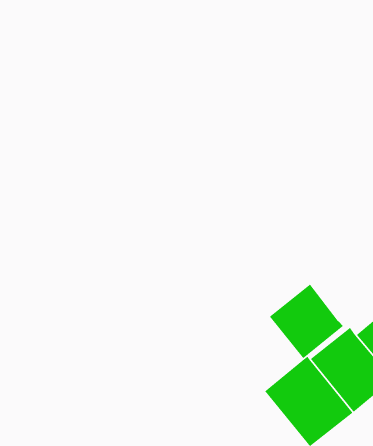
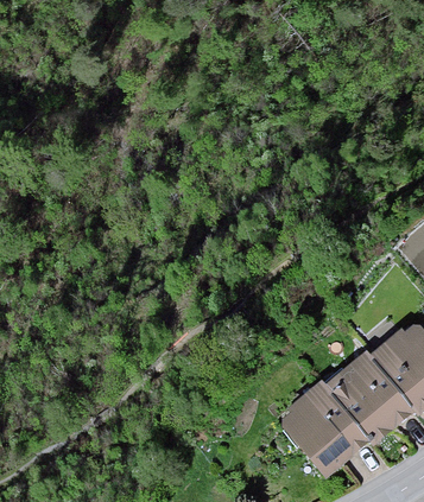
building: [269,284,344,359] -> none

